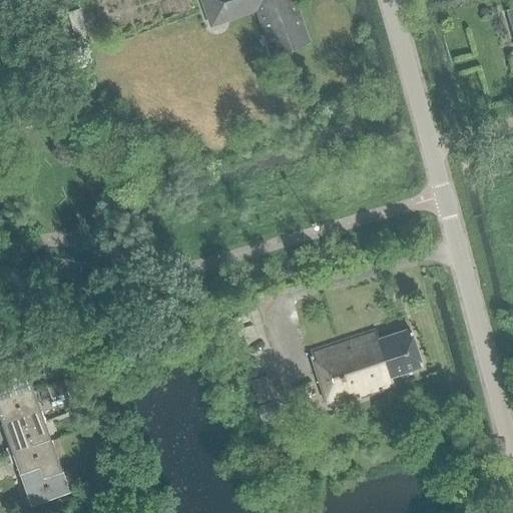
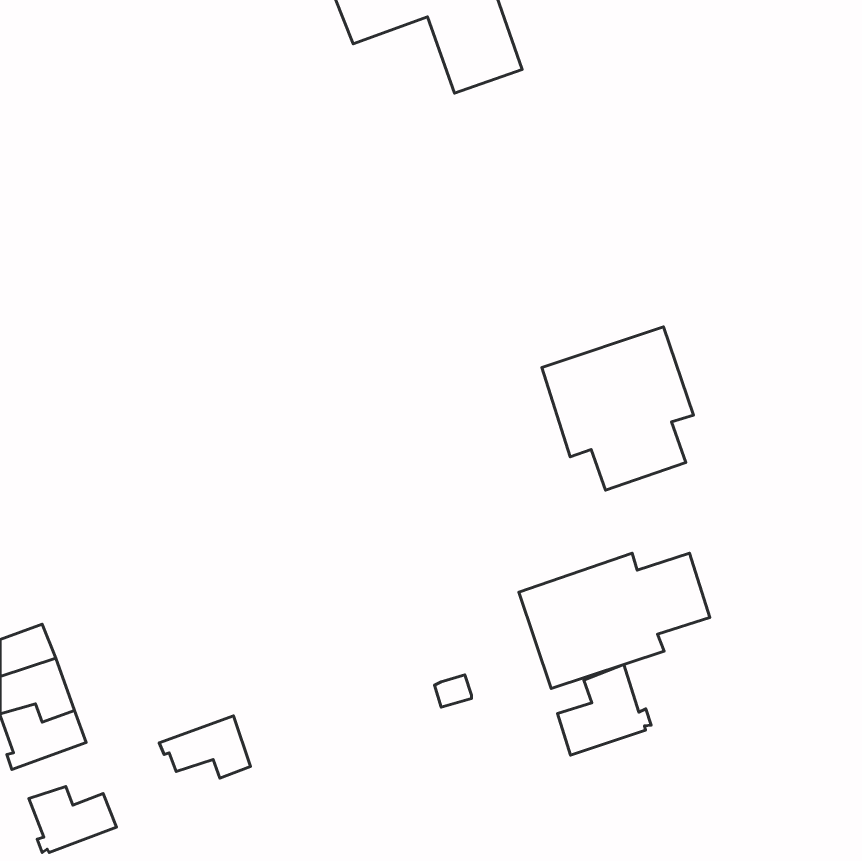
building: none -> [542,327,694,490]
building: none -> [558,665,651,755]
building: [8,440,62,477] -> [159,716,250,778]

